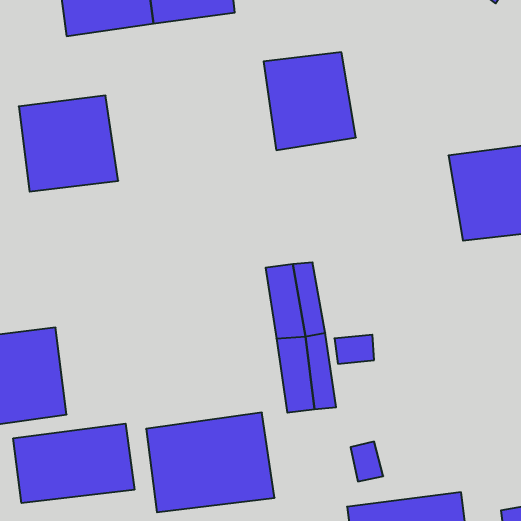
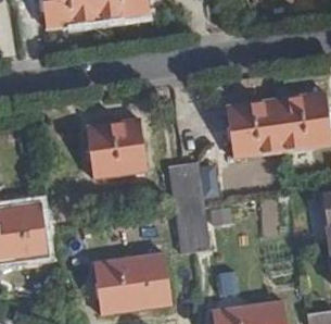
building: [264,52,356,150] -> [229,98,284,157]
building: [19,96,118,192] -> [87,119,147,176]
building: [13,424,134,503] -> none

